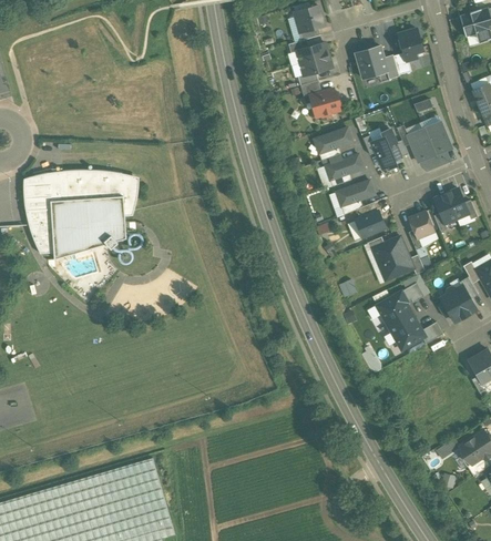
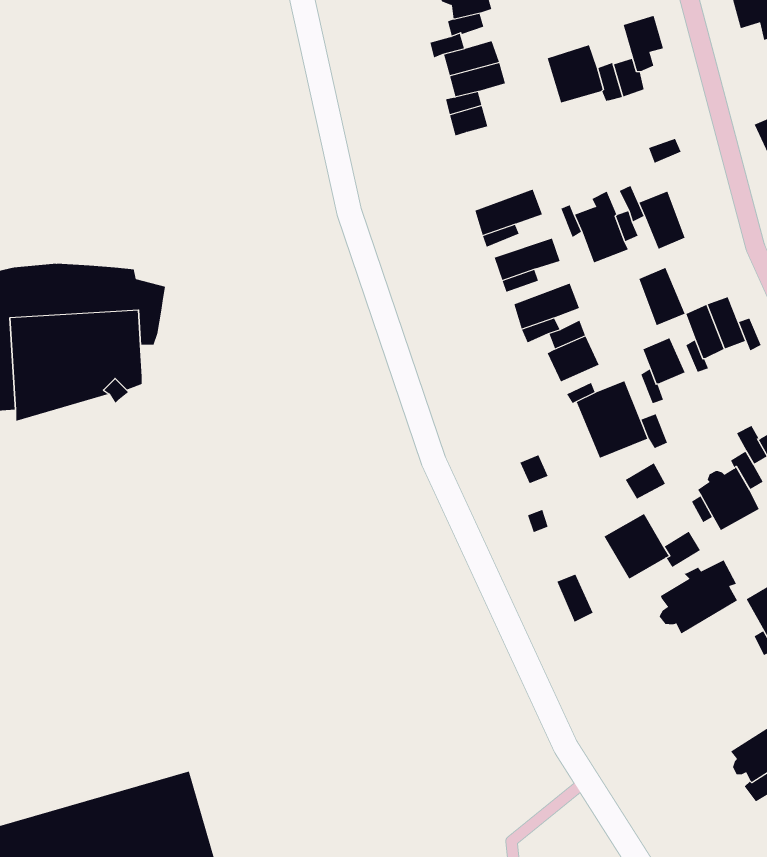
building: [309,88,339,116] -> none
building: [423,121,450,154] -> [638,267,685,326]
building: [376,292,410,324] -> none
building: none -> [659,559,738,634]

